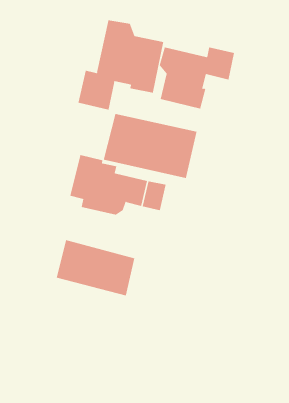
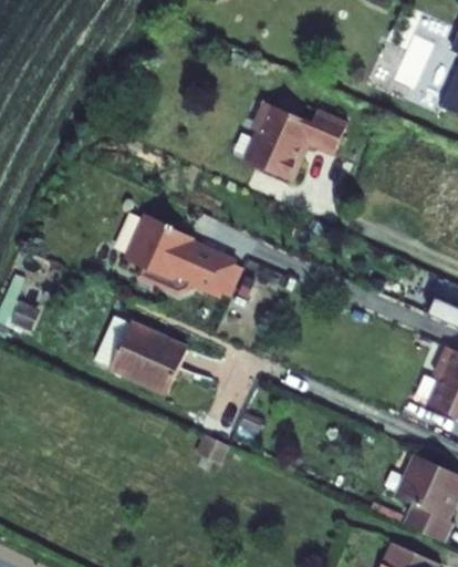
building: [78,20,164,111] -> none
building: [103,113,197,179] -> none

